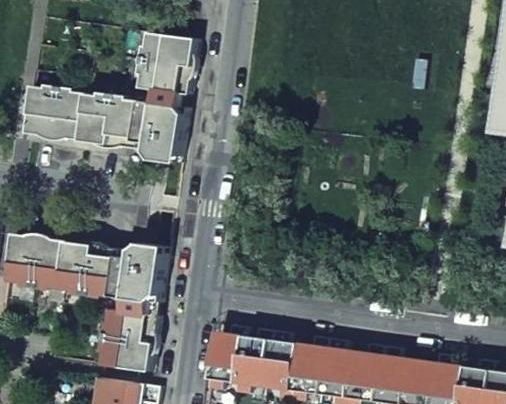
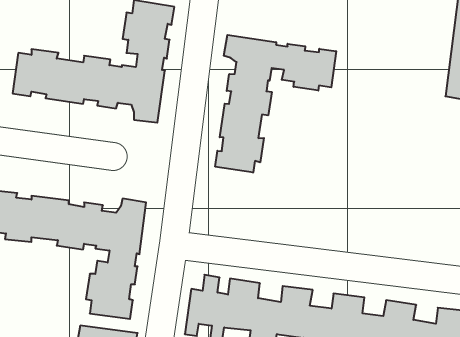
building: none -> [215,35,336,173]

